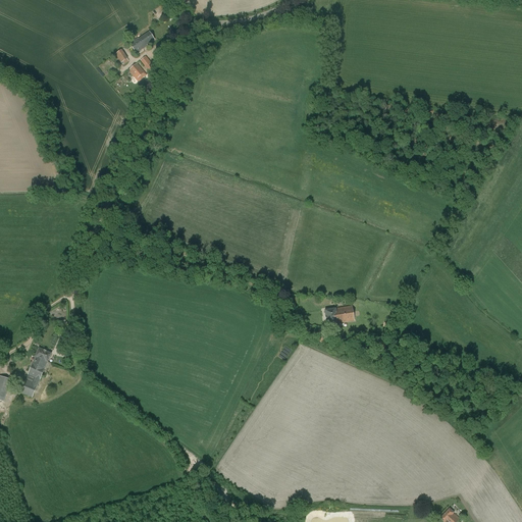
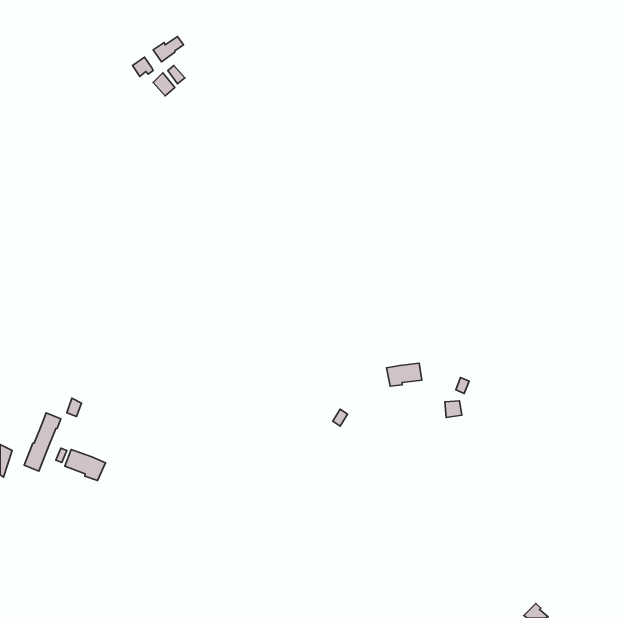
building: none -> [65,449,106,481]

